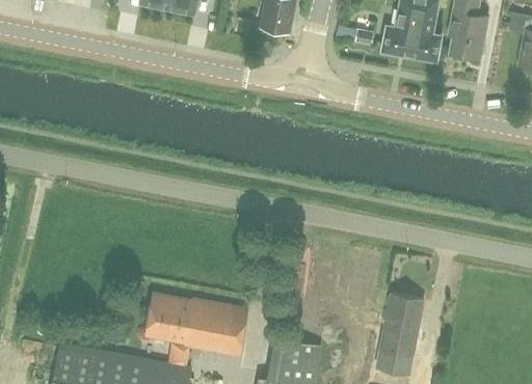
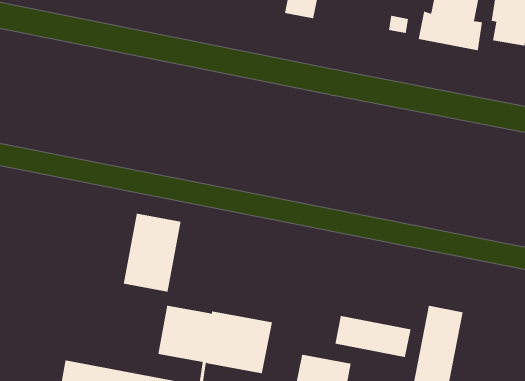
building: none -> [123,213,181,293]
building: none -> [335,315,411,358]

